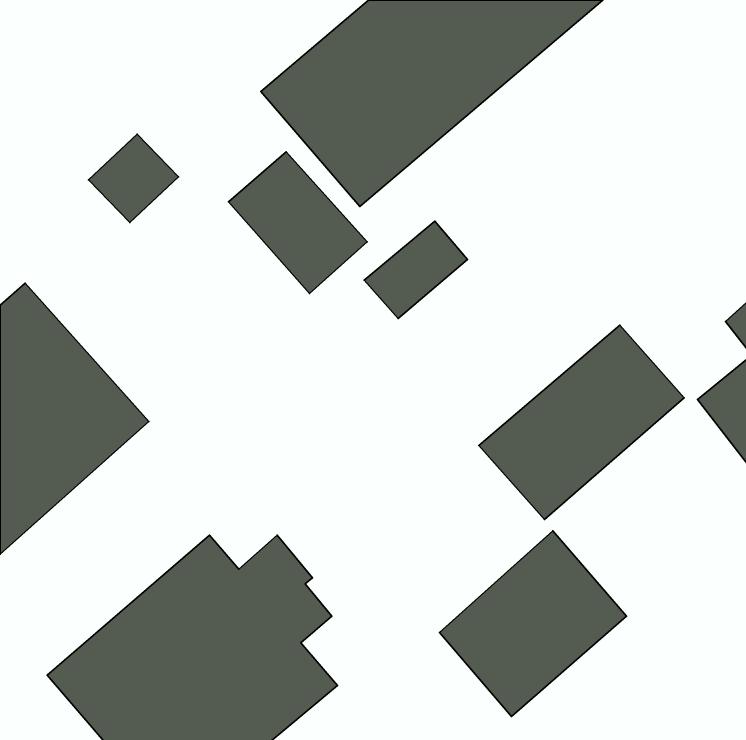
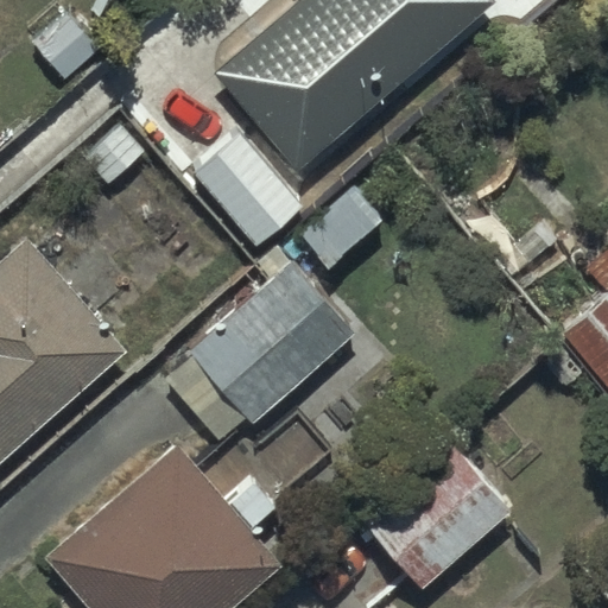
building: none -> [166,246,356,442]
building: [479,325,684,520] -> none

